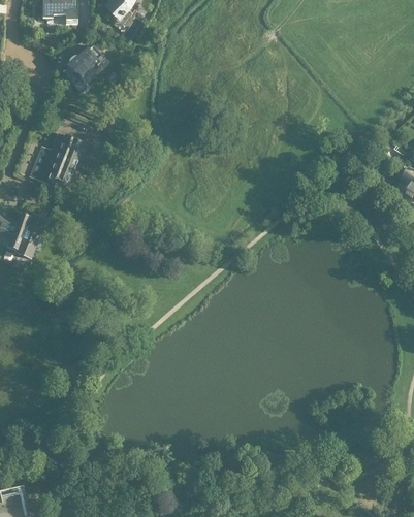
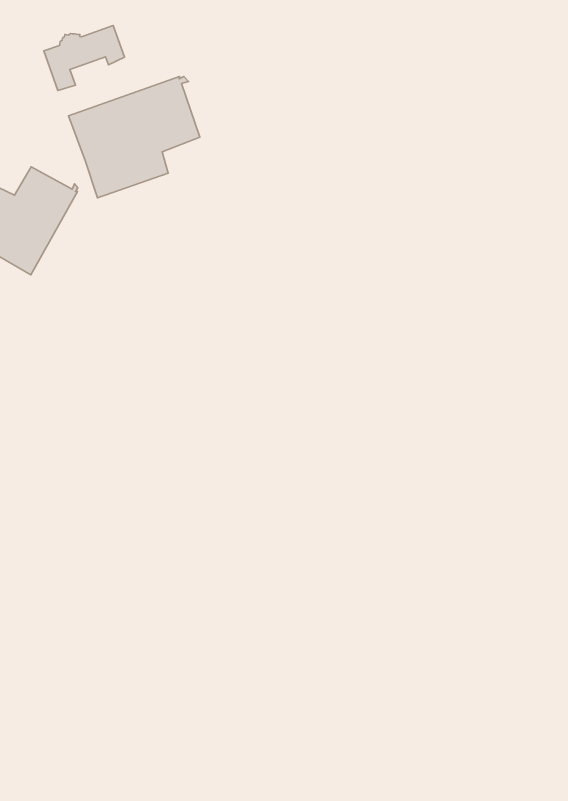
building: none -> [69,76,200,198]

